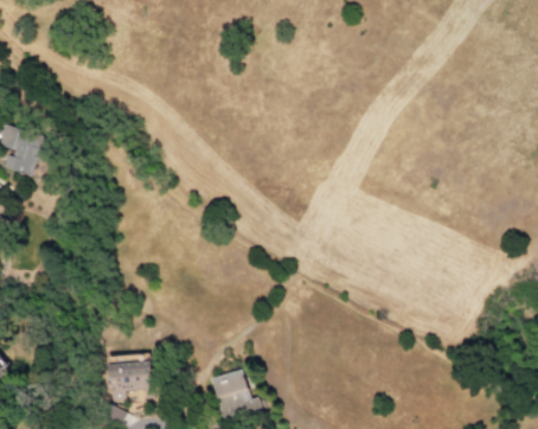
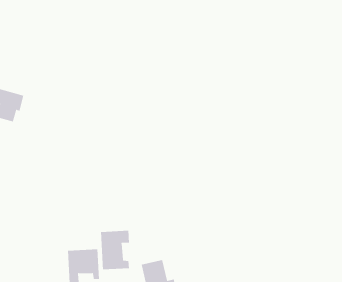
building: none -> [100,230,130,270]

